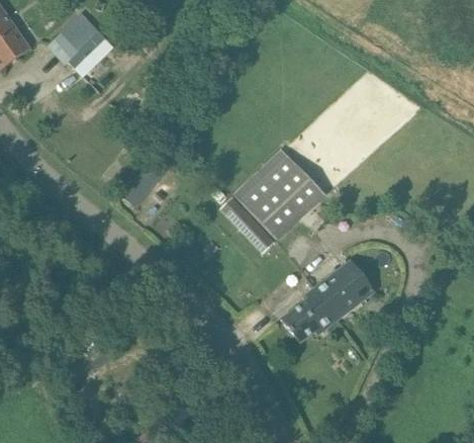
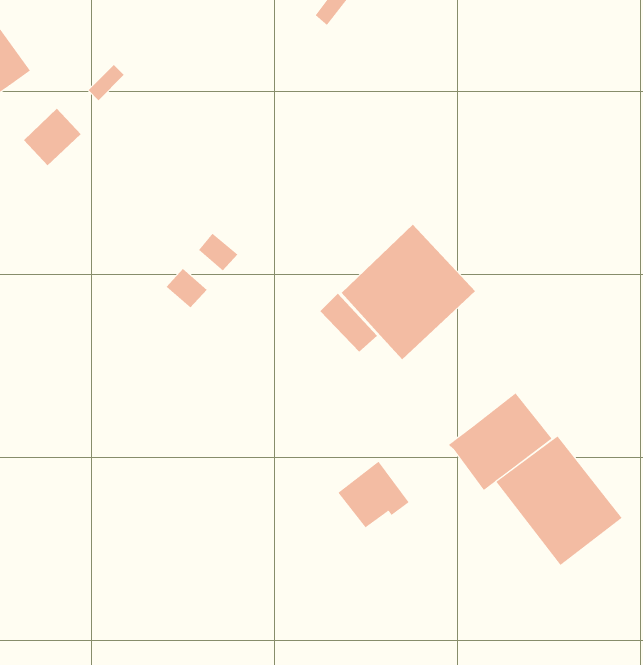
building: [50,22,88,61] -> [23,108,81,166]
building: none -> [496,436,622,566]
building: [282,297,329,342] -> [337,461,410,528]

